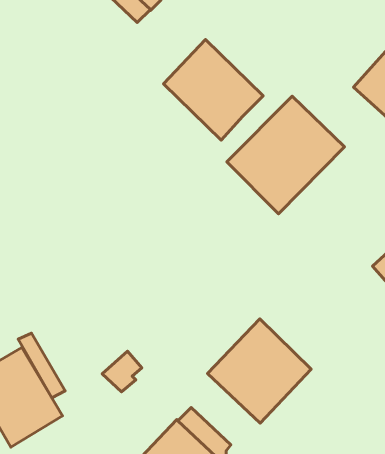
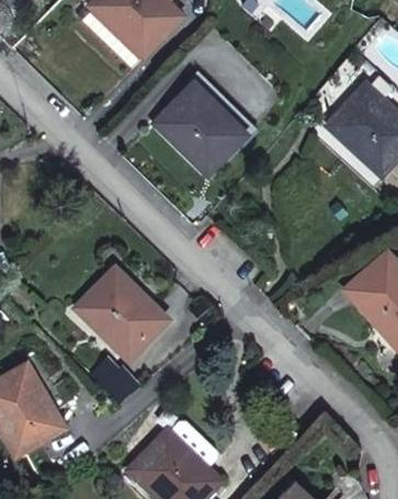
building: [227,96,344,214] -> none
building: none -> [76,269,167,361]
building: [207,319,311,423] -> none

